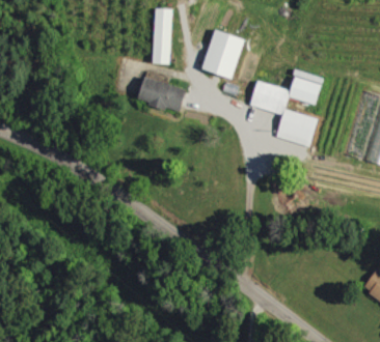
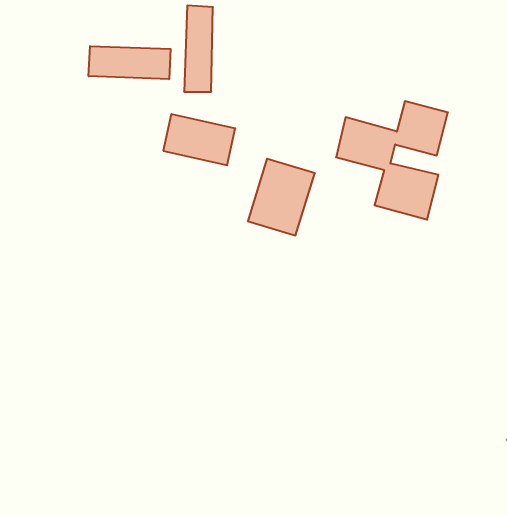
building: [202,28,246,78] -> [248,159,315,235]
building: none -> [89,46,171,79]

